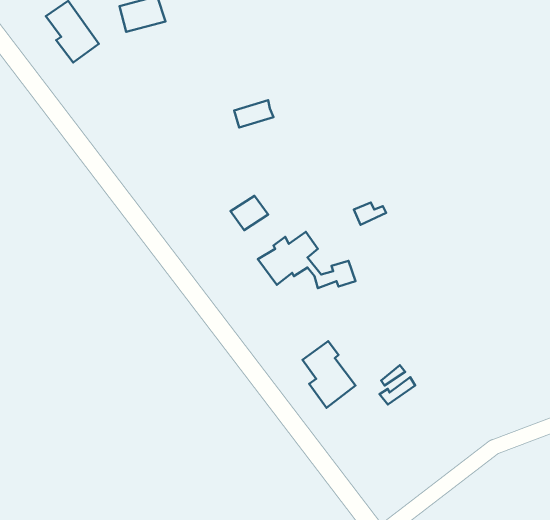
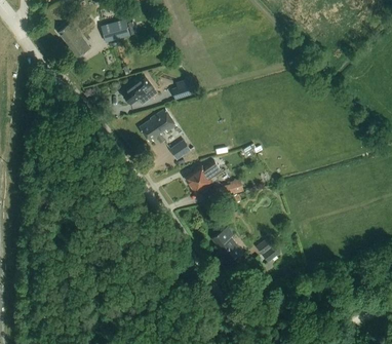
building: none -> [121,76,156,104]
building: none -> [139,107,175,142]

